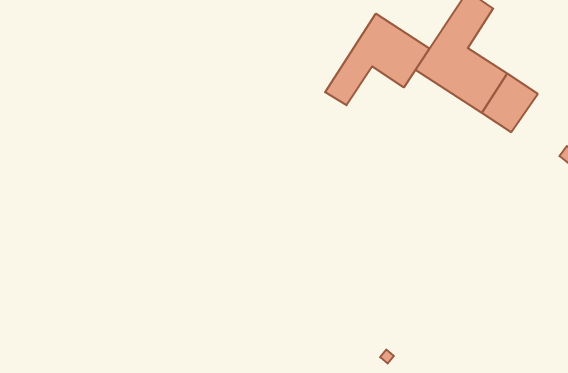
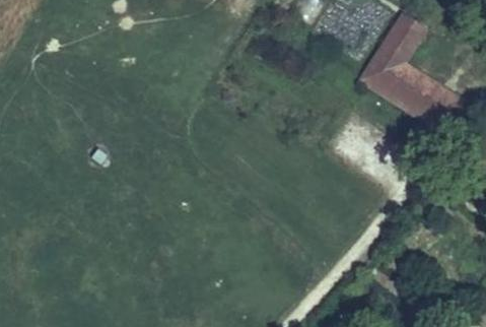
building: [325,14,430,105] -> none

